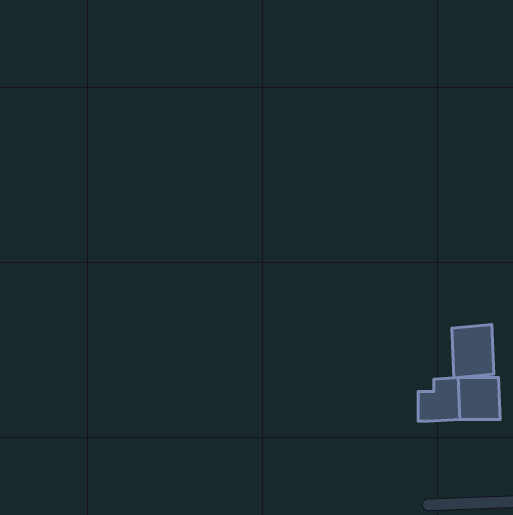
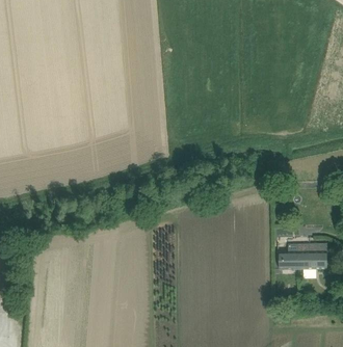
building: [452,325,494,378] -> none

